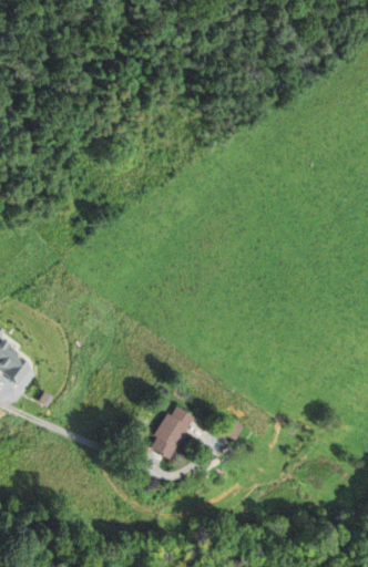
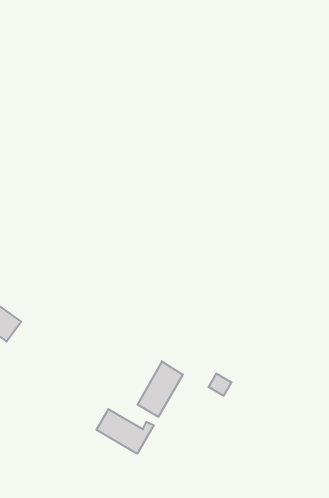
building: none -> [96,409,154,454]

